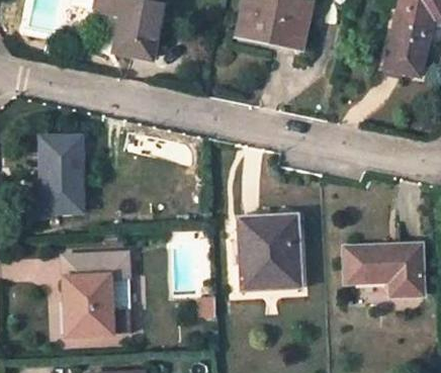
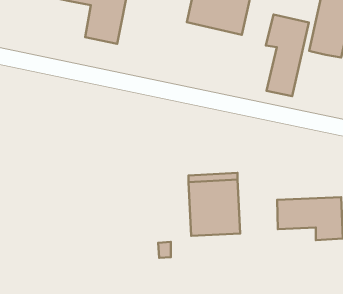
building: none -> [266,14,309,96]
building: [39,134,83,214] -> none
building: [64,255,131,336] -> none

